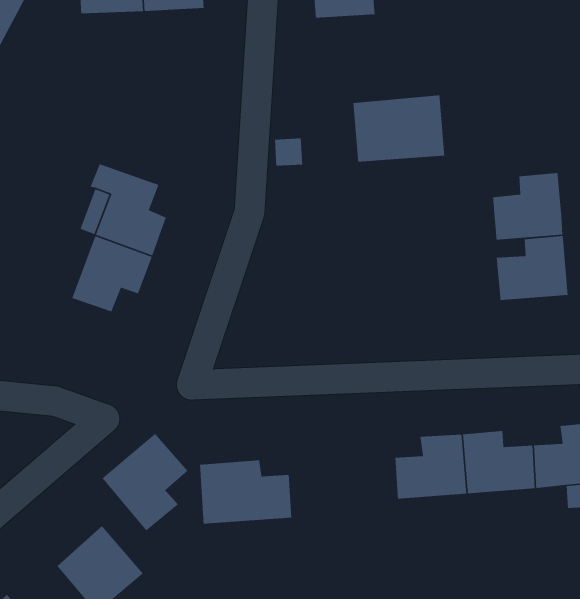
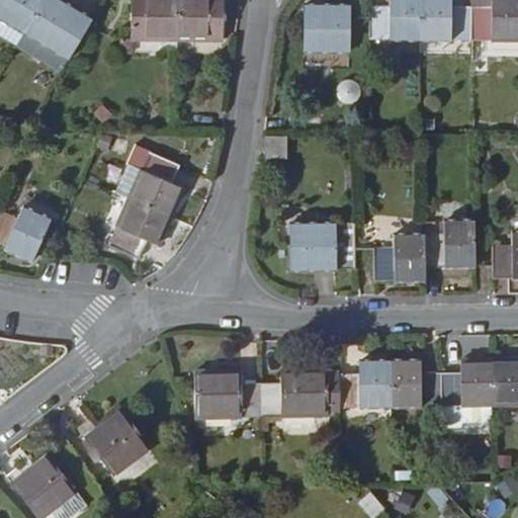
building: [353,94,445,163] -> [291,223,357,269]
building: [492,172,563,241] -> [374,233,425,280]
building: [101,433,188,531] -> none
building: none -> [263,369,341,416]

